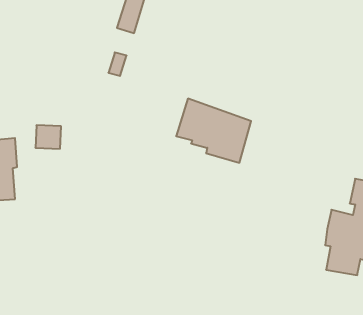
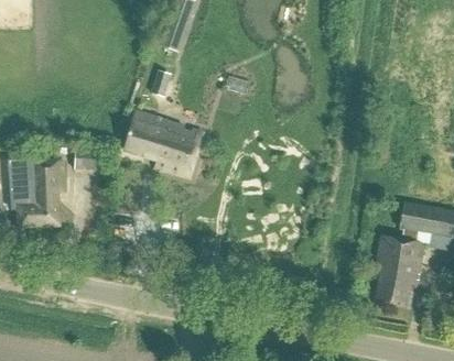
building: [176,99,251,163] -> [123,111,201,177]

